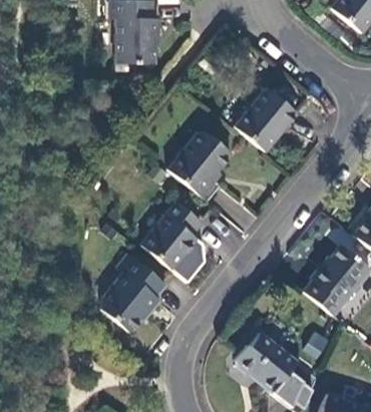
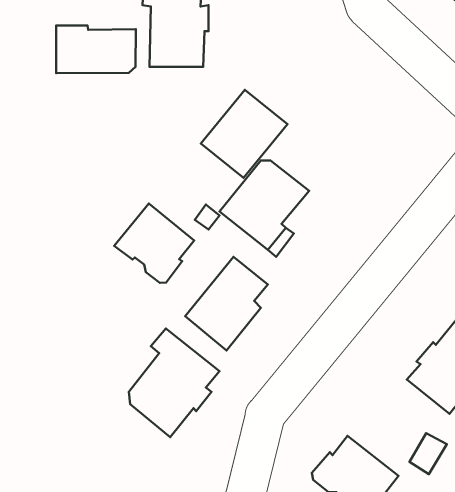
building: none -> [56,25,136,73]
building: [235,87,298,151] -> [201,90,288,178]
building: none -> [114,204,194,283]

